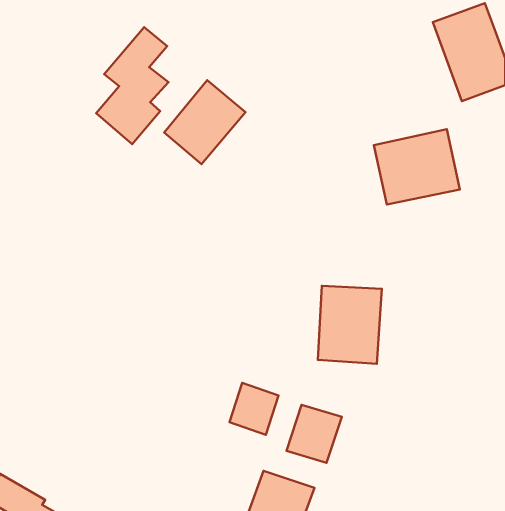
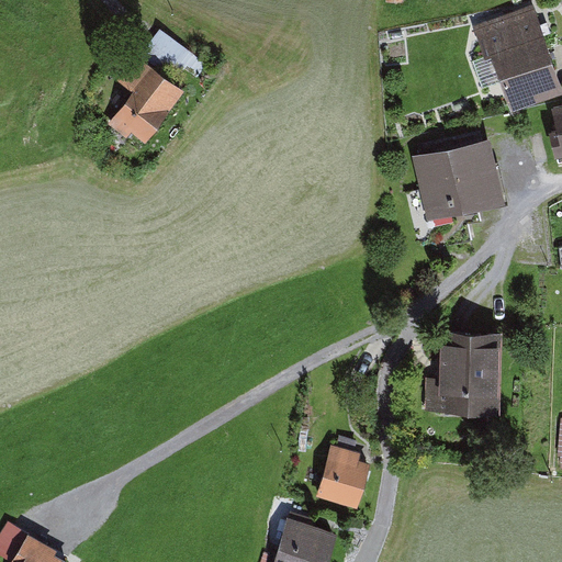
building: [164,80,245,164] -> none
building: [318,286,382,364] -> [432,329,503,415]
building: [229,383,279,435] -> none

